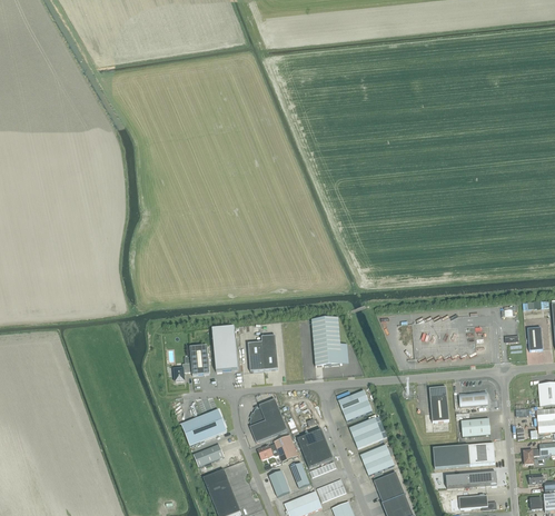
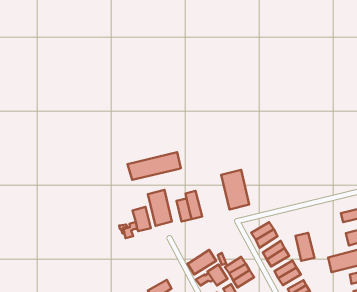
building: none -> [128,152,181,180]
building: [429,386,449,420] -> [296,233,315,261]
building: [250,397,280,425] -> none
building: [181,408,227,445] -> none

